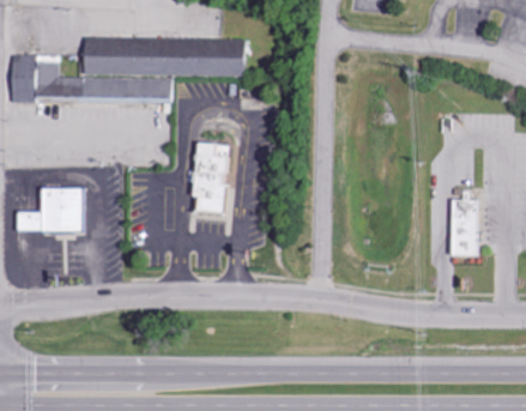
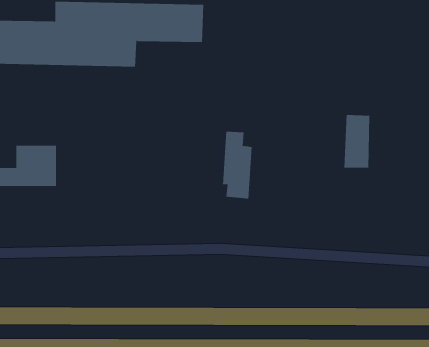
building: [194,138,226,211] -> [222,131,252,199]
building: [448,197,477,254] -> [344,114,370,168]

